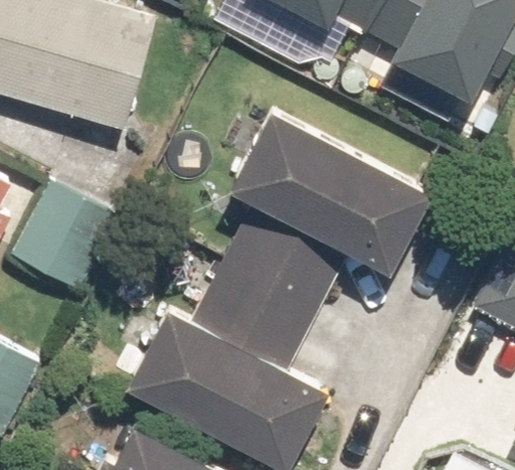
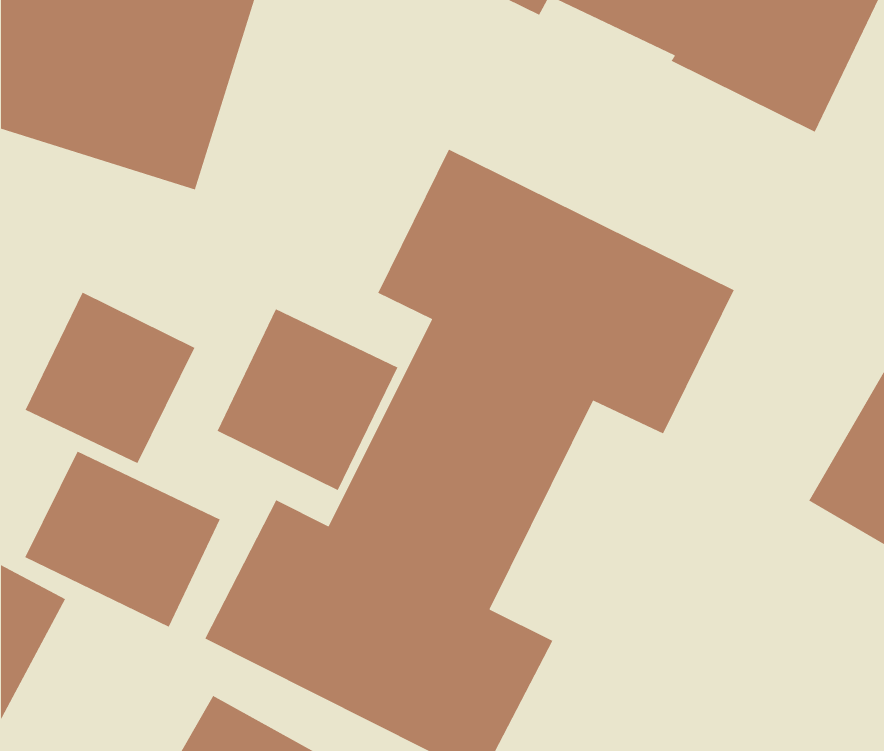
building: none -> [217,308,399,491]
building: none -> [24,450,221,628]

